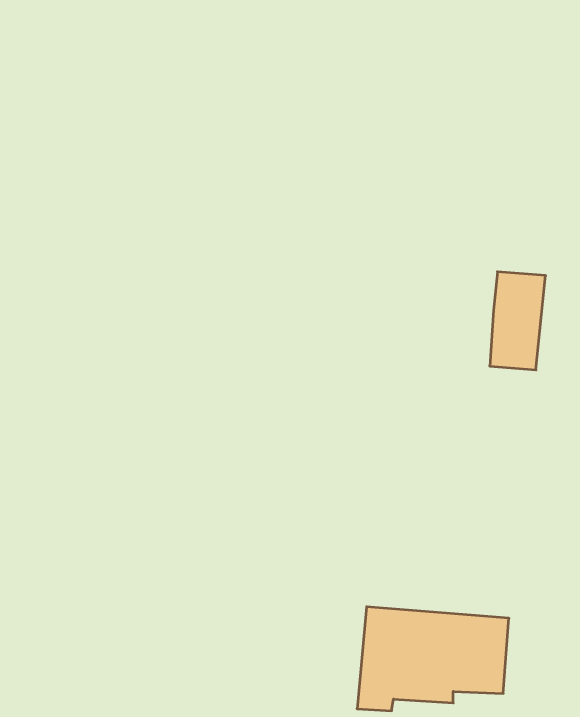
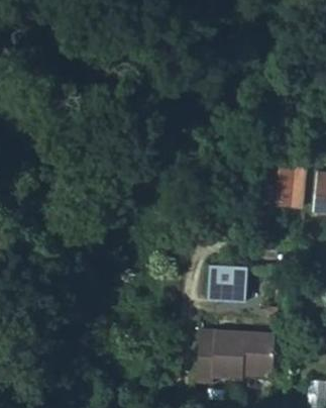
building: none -> [208,263,248,303]

